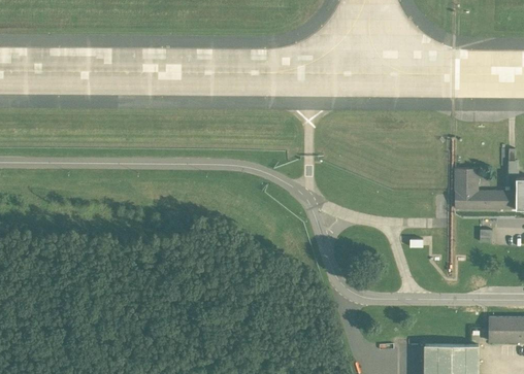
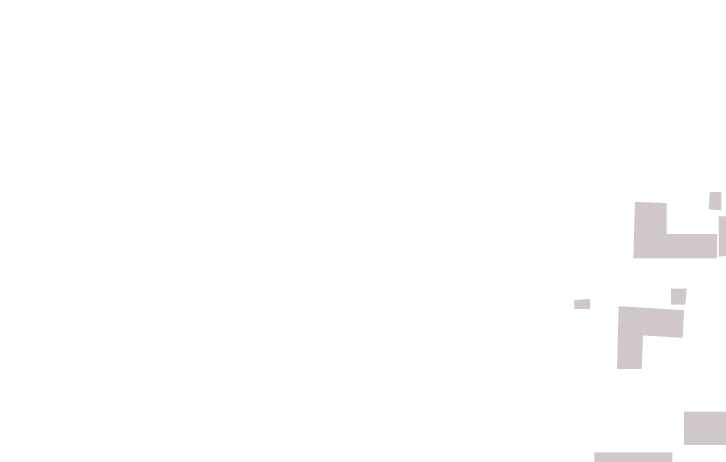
building: none -> [616,305,685,370]

